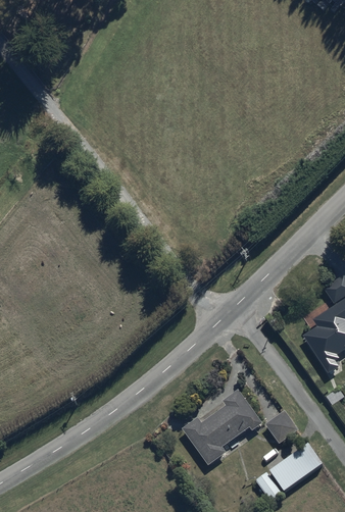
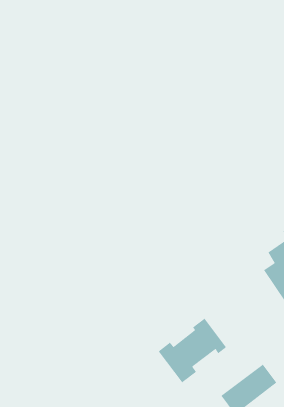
building: [266,409,299,442] -> none

